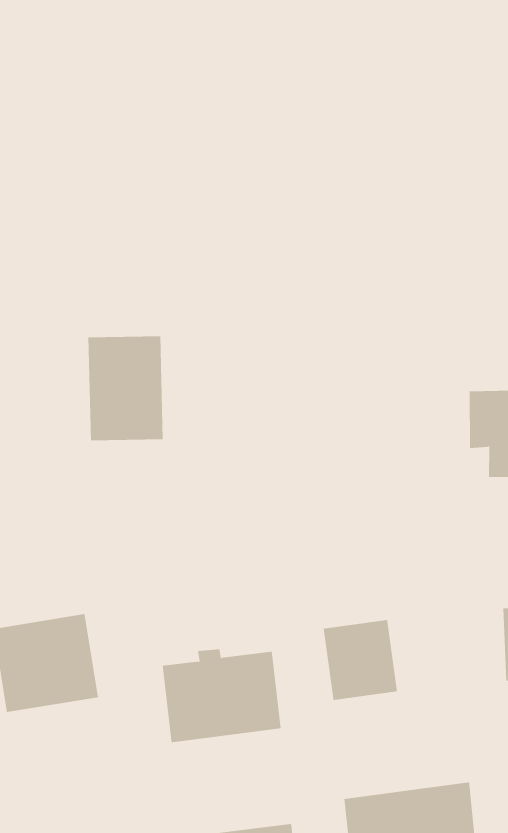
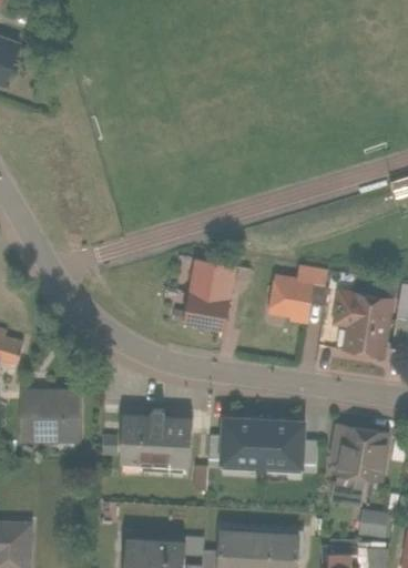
building: [88,336,164,441] -> [181,260,235,331]
building: none -> [268,264,327,318]
building: none -> [264,423,306,469]

